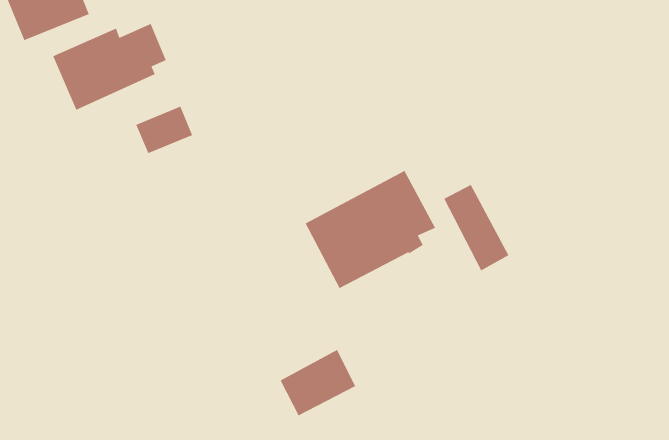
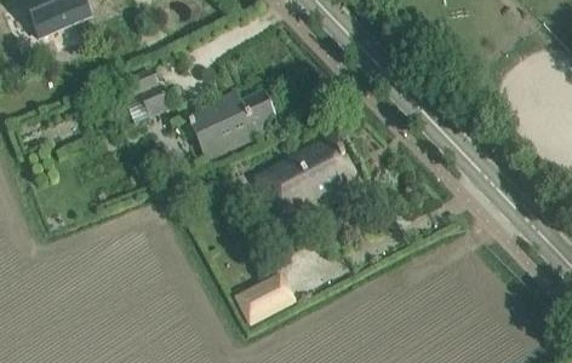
building: [52,23,167,111] -> [187,88,275,156]
building: [443,184,509,272] -> none

